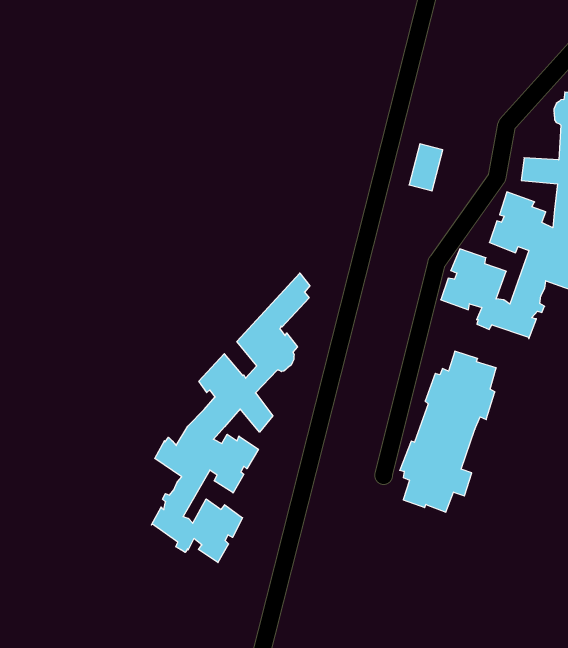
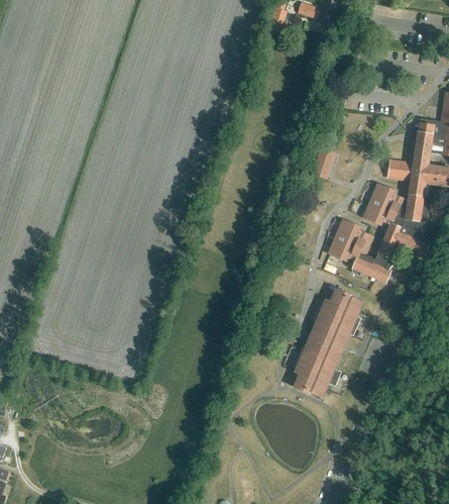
building: [151,273,310,563] -> none

